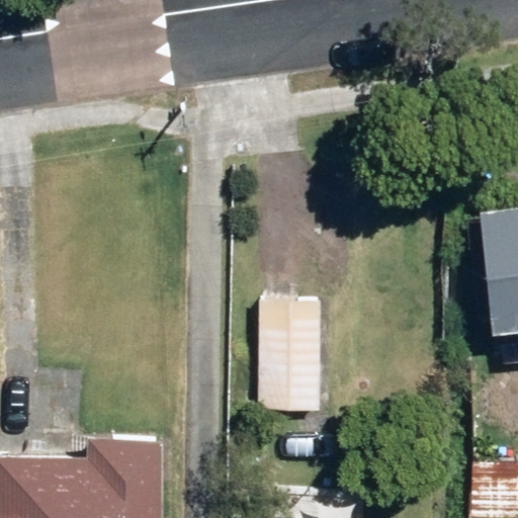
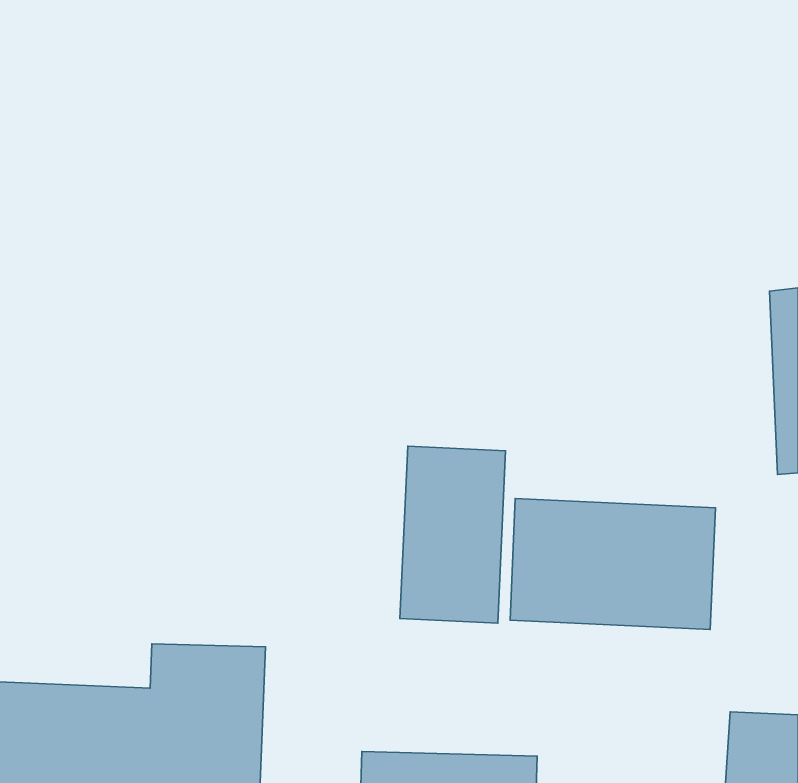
building: none -> [510,499,715,629]

